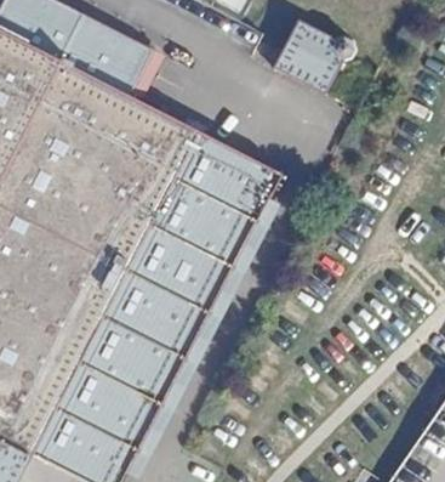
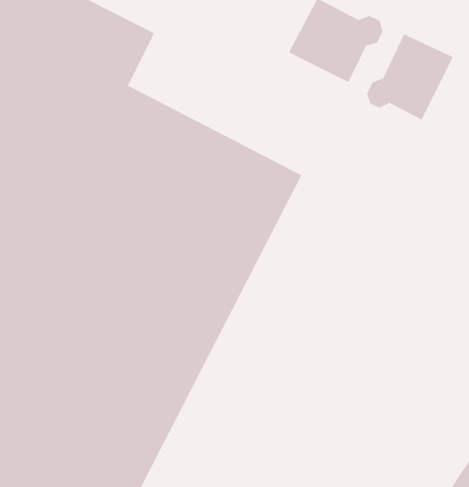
building: none -> [366,33,454,120]

